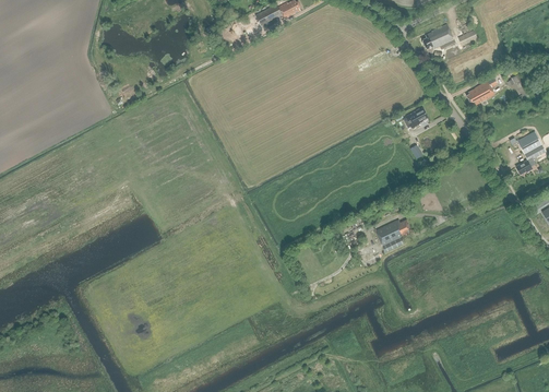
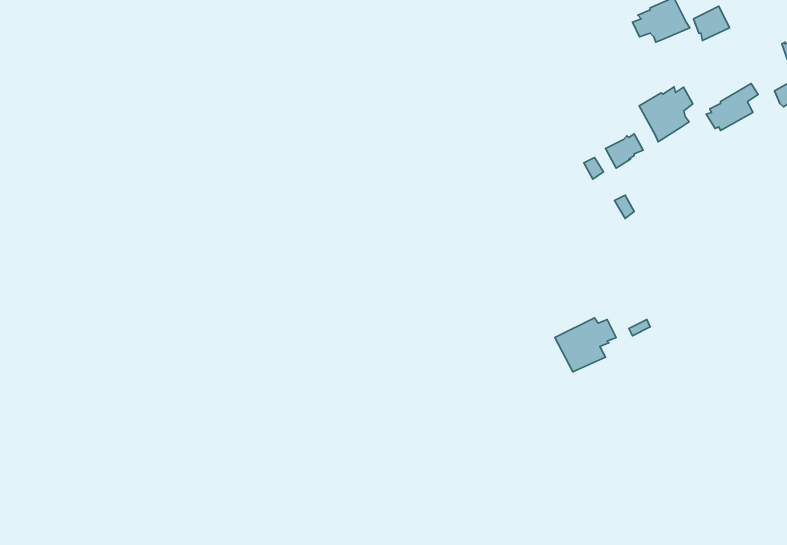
building: none -> [639,87,693,142]

